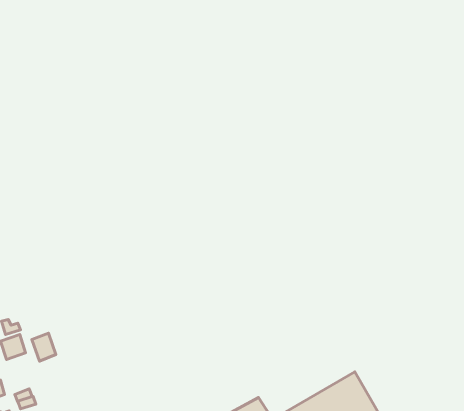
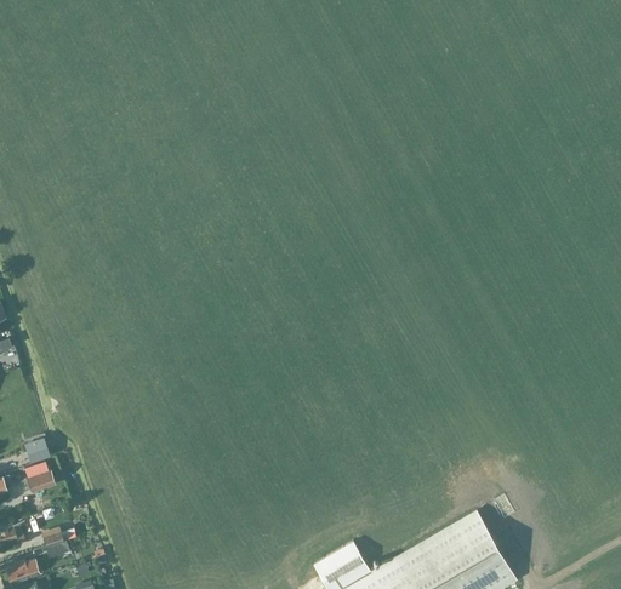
building: [32,333,56,361] -> none

